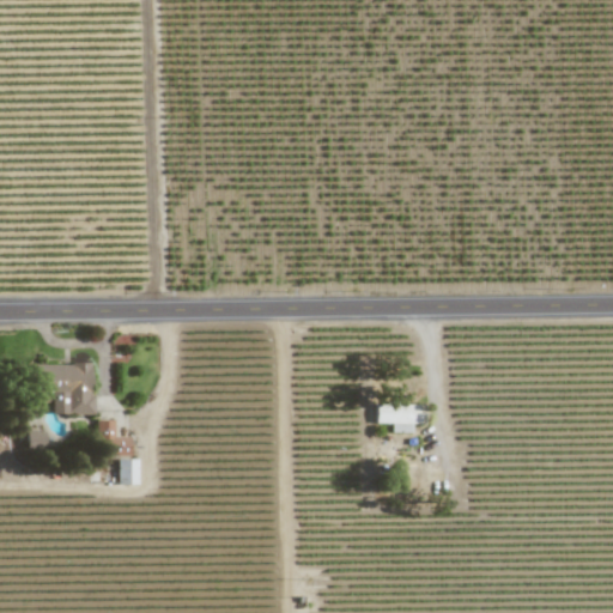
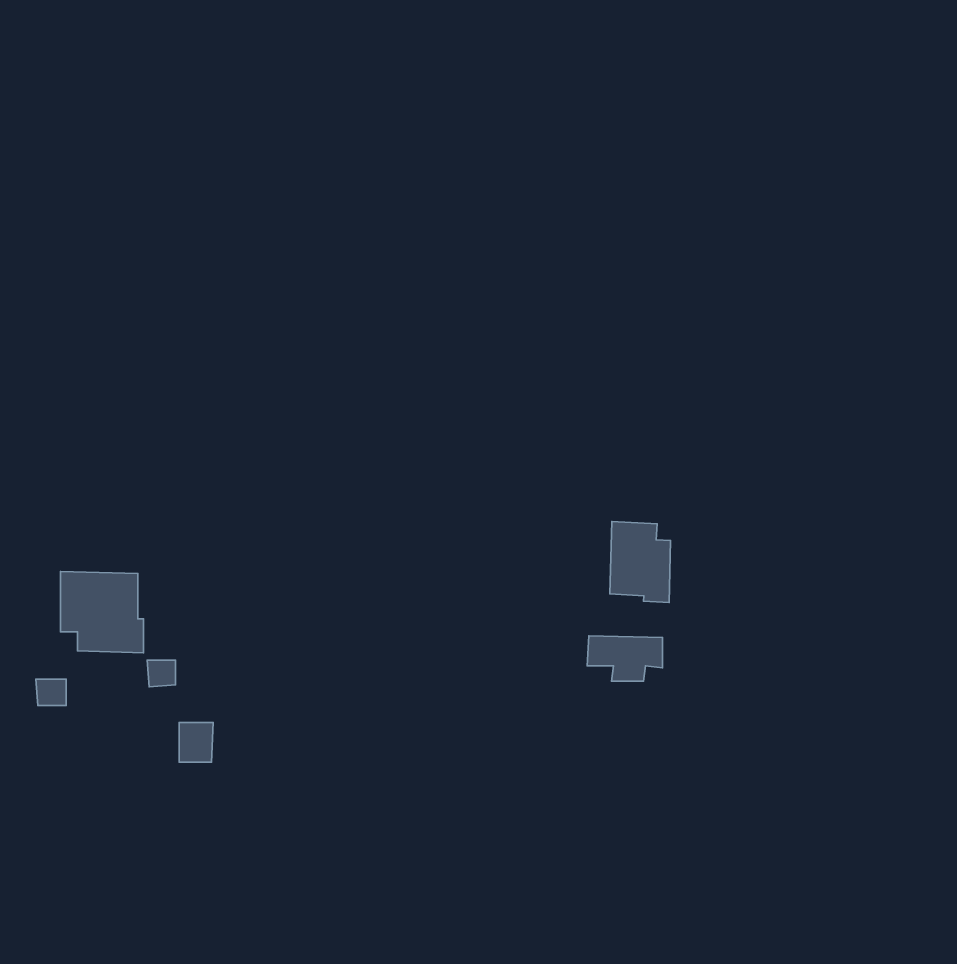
building: none -> [610,521,670,602]

